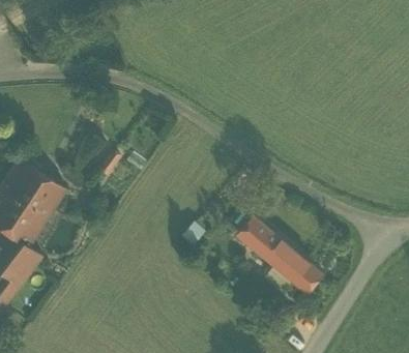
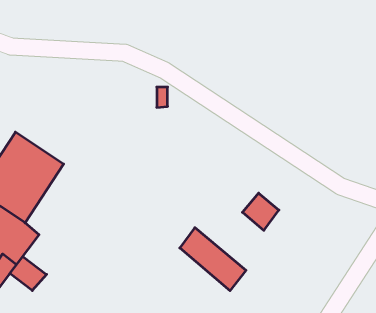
building: [259,234,323,295] -> [180,228,246,291]
building: none -> [10,257,47,291]

